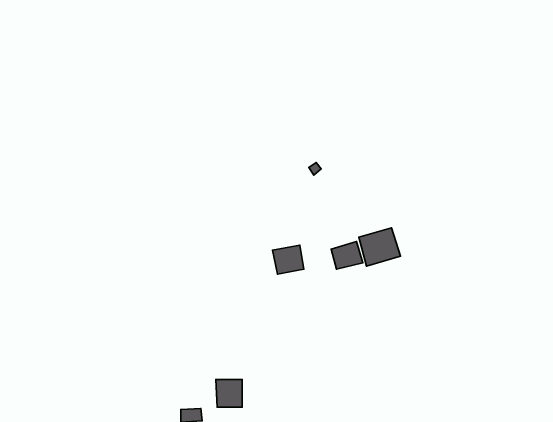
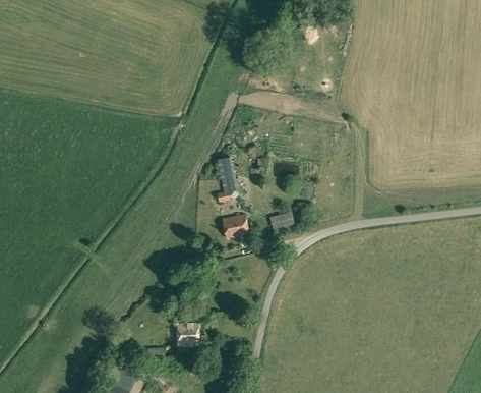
building: none -> [216,156,240,202]
building: [359,228,401,266] -> none

